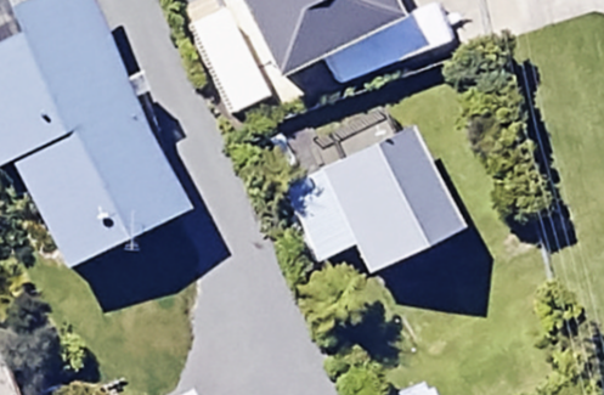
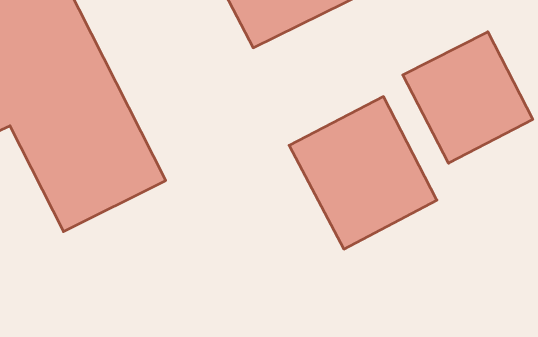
building: none -> [403,32,533,163]

